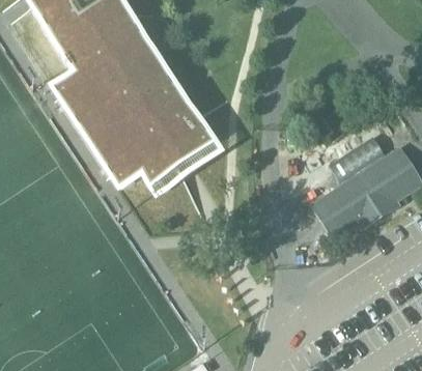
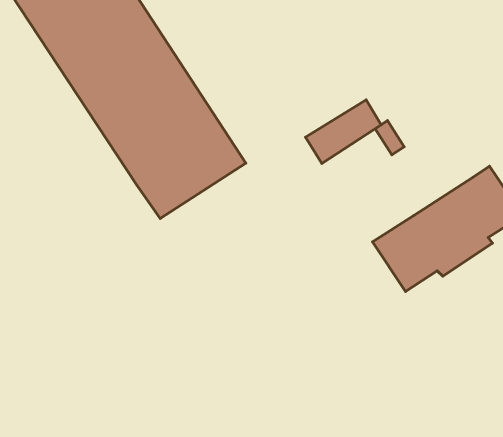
building: [60,81,136,175] -> none
building: [332,135,389,182] -> [305,100,381,163]

